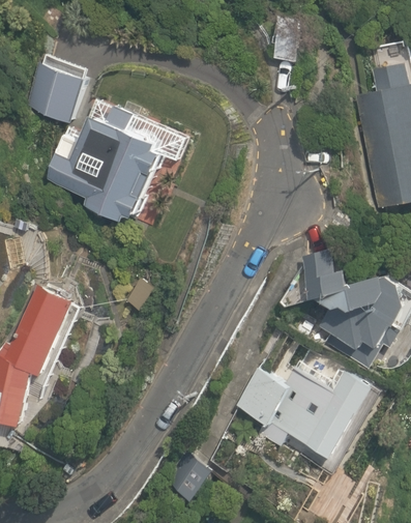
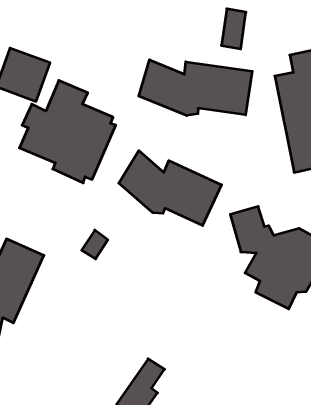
building: none -> [139,60,252,116]
building: none -> [119,151,222,226]
building: [236,365,372,454] -> none

